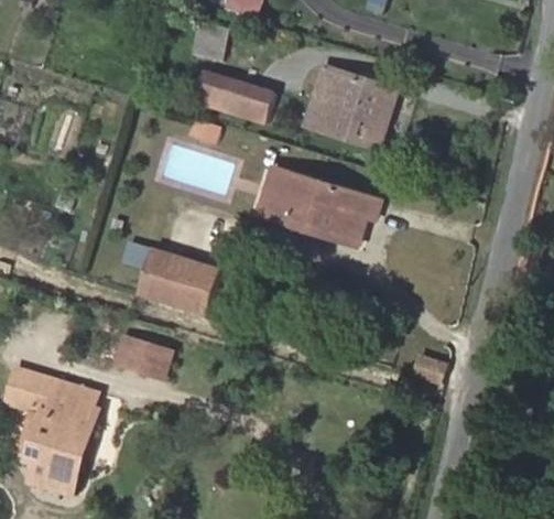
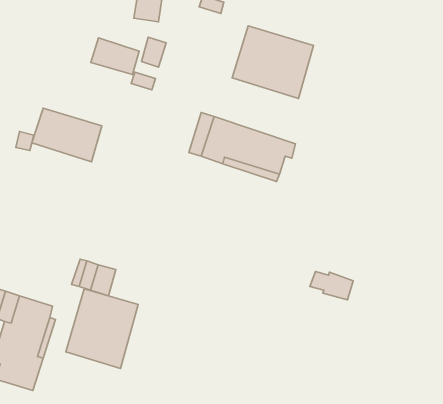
building: [219,84,275,127] -> [91,38,139,75]
building: [135,250,217,313] -> [32,108,102,162]
building: none -> [66,289,138,369]

